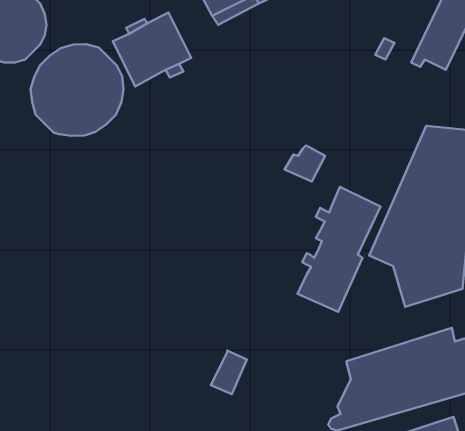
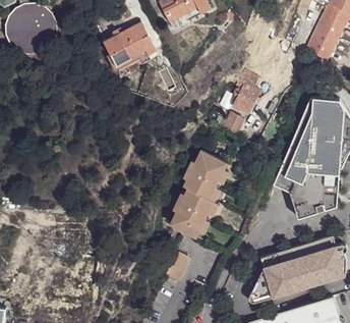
building: [30,44,124,136] -> none
building: none -> [228,69,259,112]
building: [298,187,381,312] -> [172,150,228,234]

